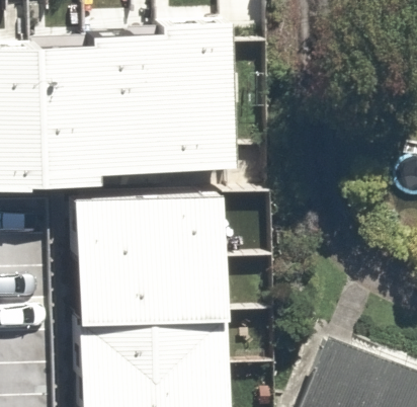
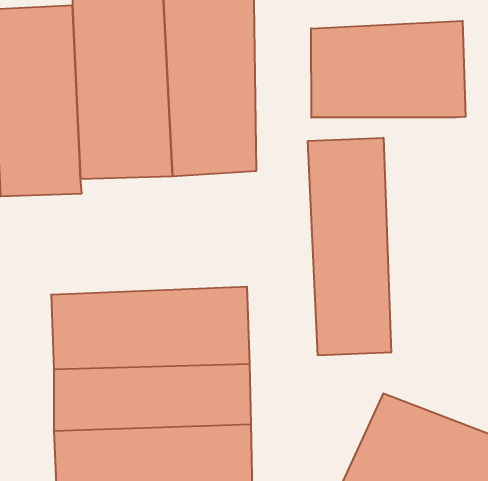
building: none -> [311,21,465,118]
building: none -> [308,138,391,355]
building: [76,194,228,262] -> none

